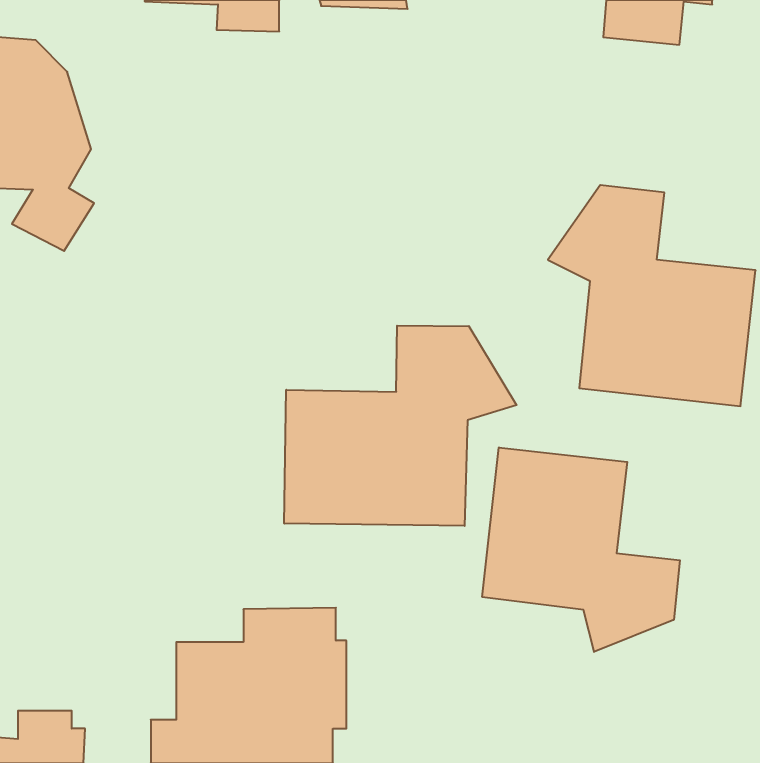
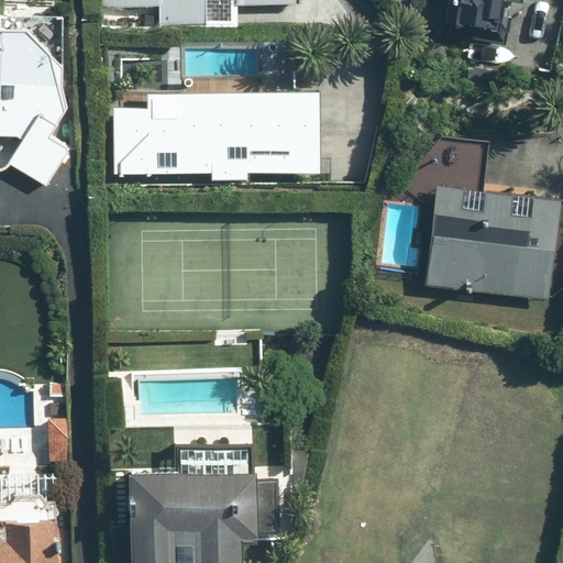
building: none -> [117,95,318,183]
building: [284,326,517,526] -> none
building: [482,447,680,652] -> none

